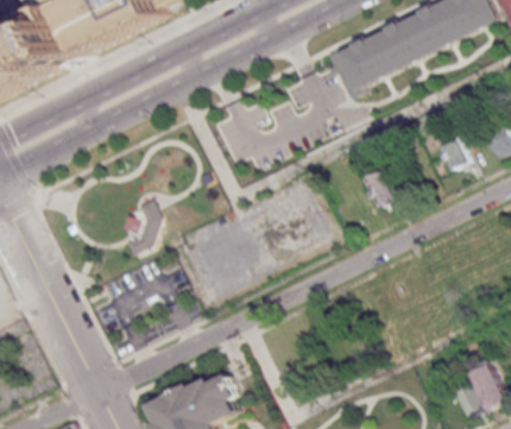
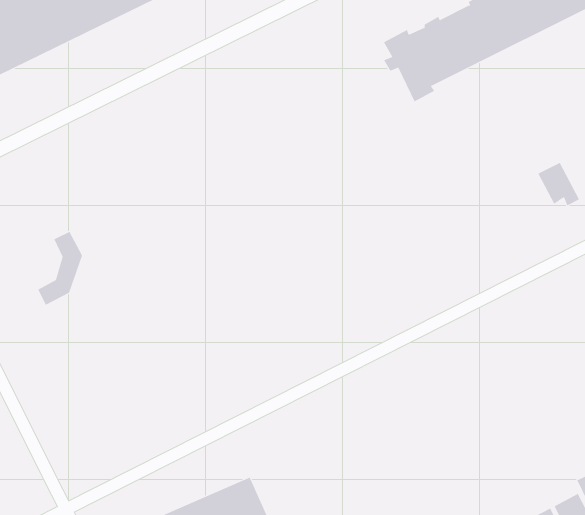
building: [362,170,397,213] -> none
building: [128,198,162,253] -> [37,231,83,306]

